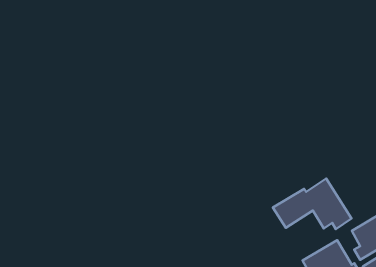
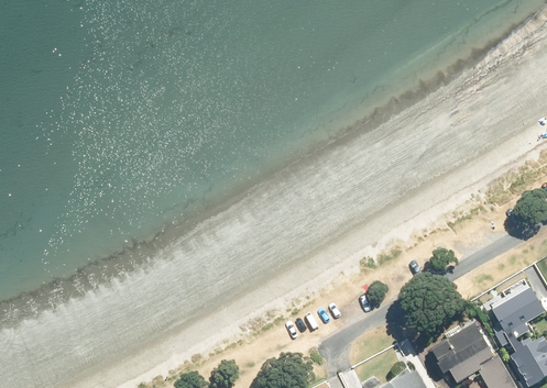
building: [273,178,351,229] -> none

